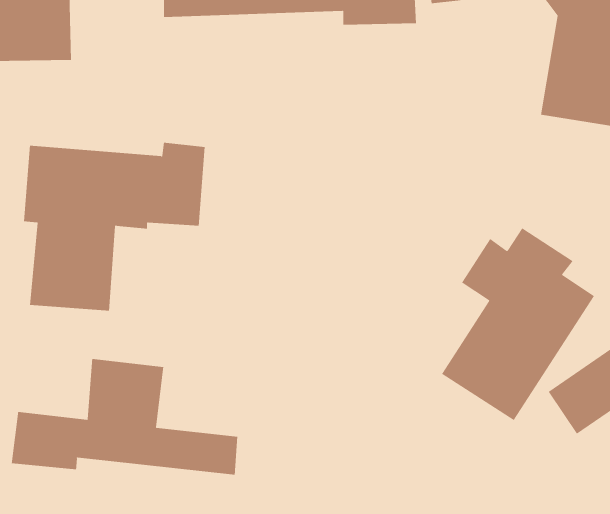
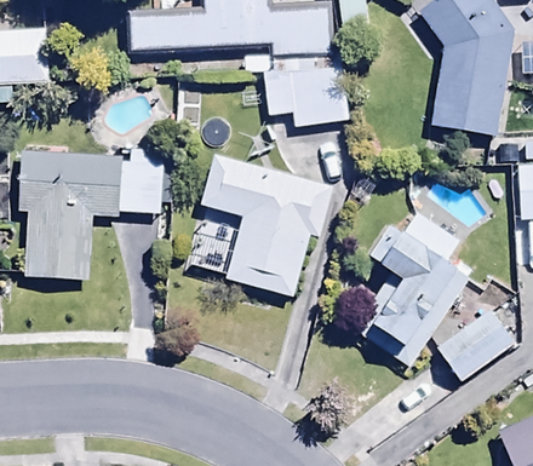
building: none -> [265,67,350,123]
building: none -> [201,153,332,297]
building: [11,358,238,475] -> none

